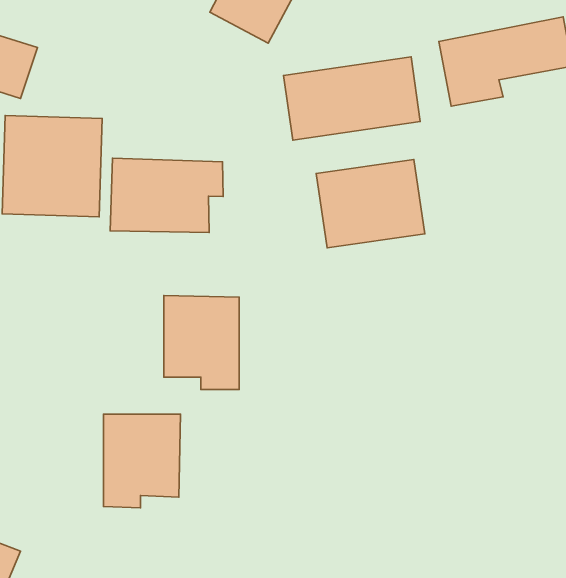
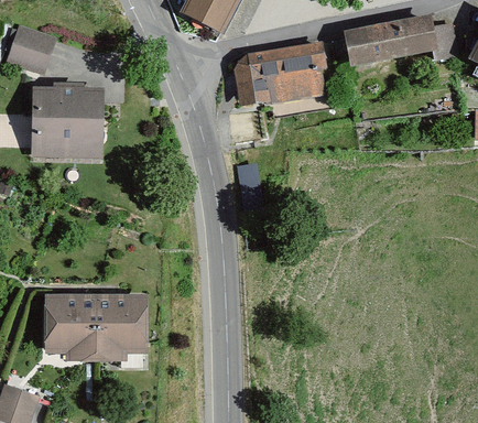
building: [110,158,223,232] -> none
building: [316,159,425,248] -> none
building: [164,296,239,389] -> [50,296,104,364]

